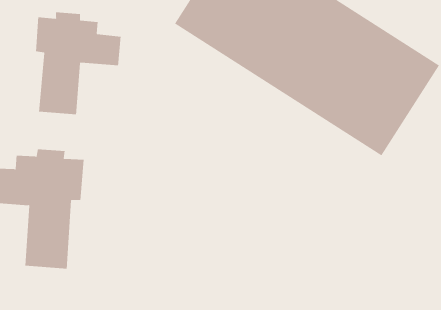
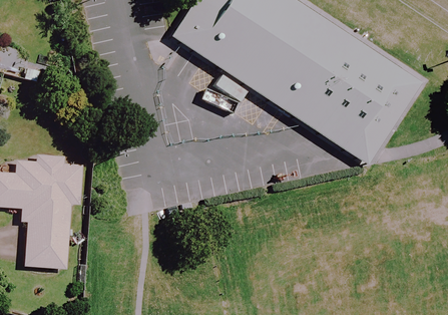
building: [35,12,121,115] -> none

